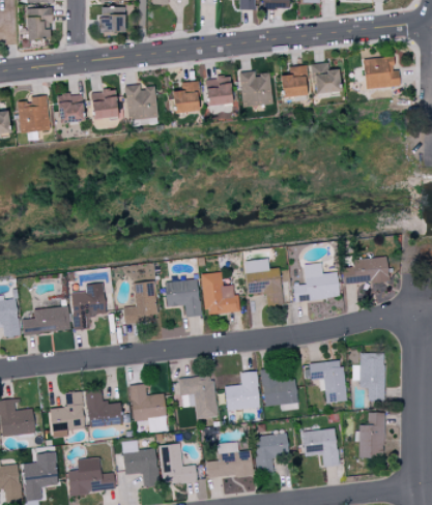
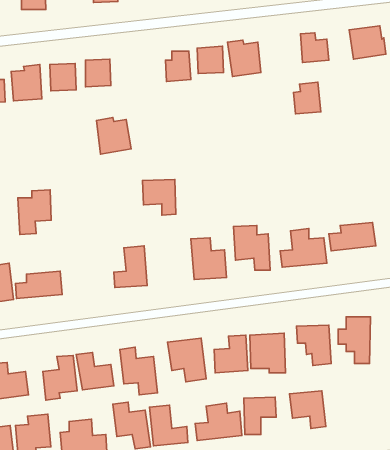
building: [282,65,310,97] -> [294,82,321,114]
building: [123,84,159,121] -> [97,118,131,154]
building: [165,280,199,317] -> [142,180,176,215]
building: [70,284,105,329] -> [18,190,51,234]
building: [358,412,384,458] -> none

